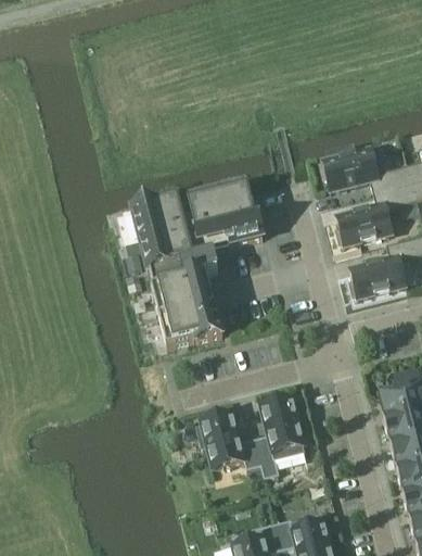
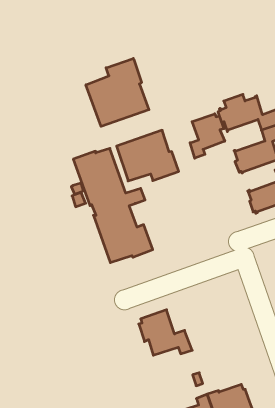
building: none -> [86,58,149,126]
building: none -> [190,114,225,158]
building: [254,397,306,479] -> none

